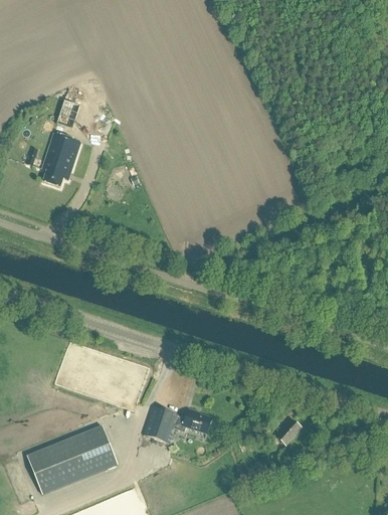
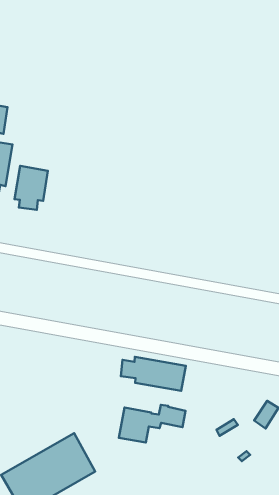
building: none -> [15,166,48,210]
building: none -> [121,357,186,391]

